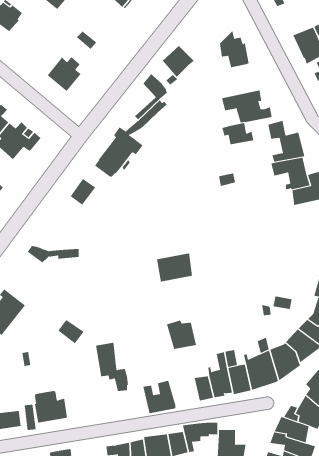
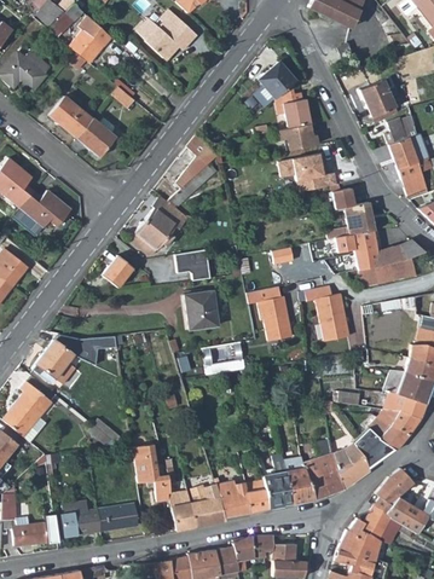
building: none -> [50,95,93,137]
building: [162,45,194,78] -> [260,62,297,99]
building: [222,123,254,145] -> [280,125,318,150]
building: none -> [175,248,212,280]
building: none -> [305,284,351,340]
building: none -> [247,286,293,341]
building: none -> [183,290,219,331]
building: none -> [33,338,74,389]
building: [166,320,197,349] -> [218,482,253,516]
building: none -> [170,492,195,529]
building: none -> [98,503,138,531]

